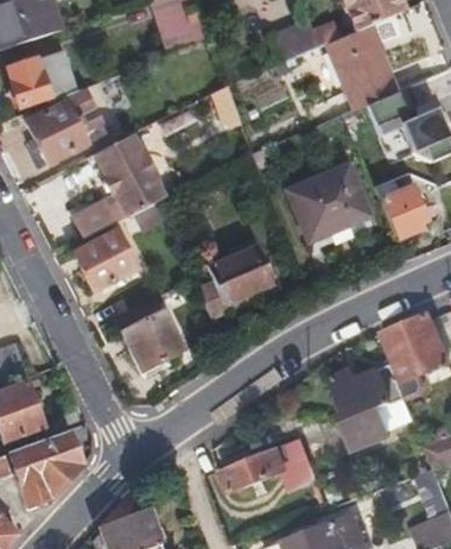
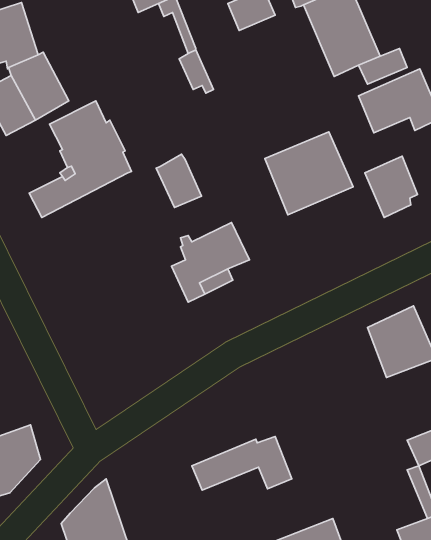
building: none -> [156,154,202,207]
building: [76,228,138,291] -> none
building: [115,295,184,371] -> none
building: [329,364,401,454] -> none

